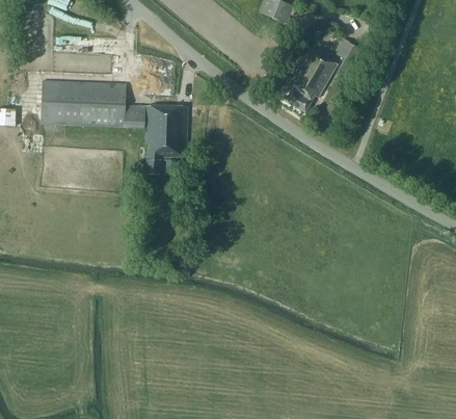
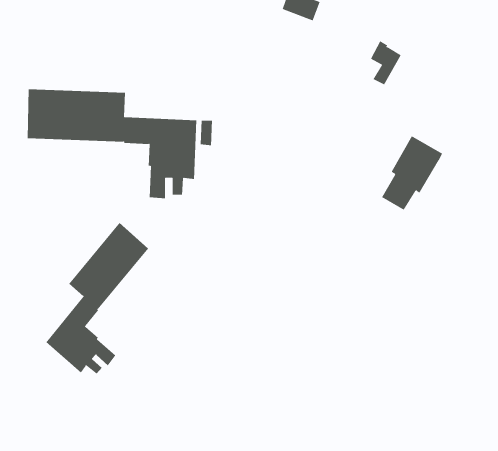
building: [285,47,338,111] -> [381,135,443,210]
building: none -> [45,222,149,375]

